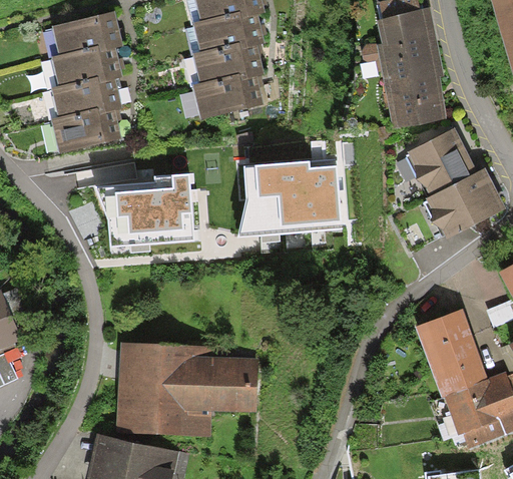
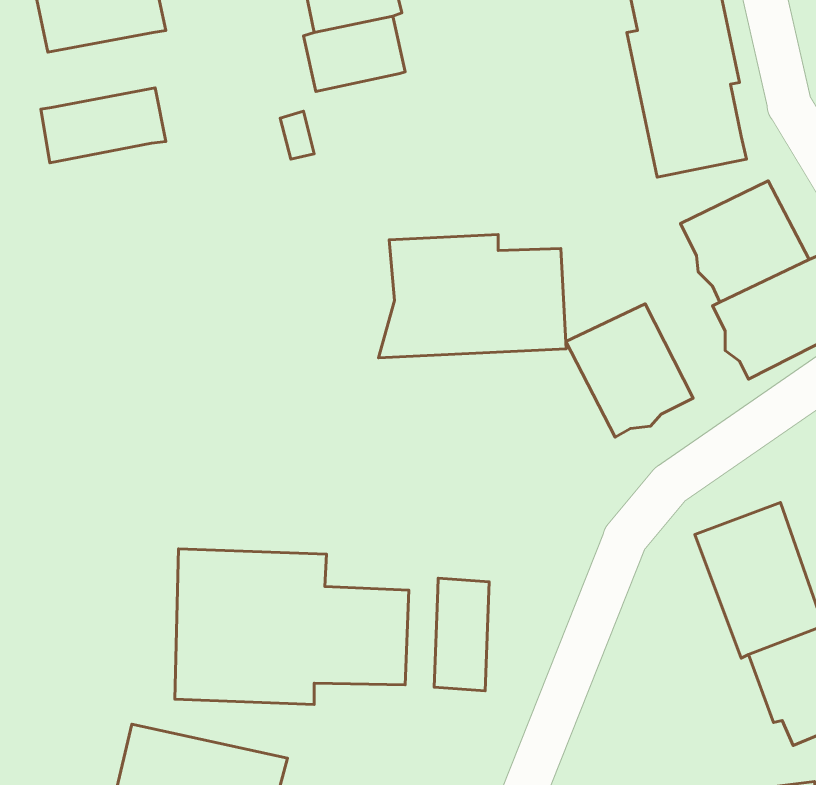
building: [49,48,117,90] -> none
building: [196,71,259,119] -> none
building: [48,110,116,149] -> none
building: [114,174,195,244] -> none
building: none -> [566,304,693,437]
building: none -> [434,578,489,691]

